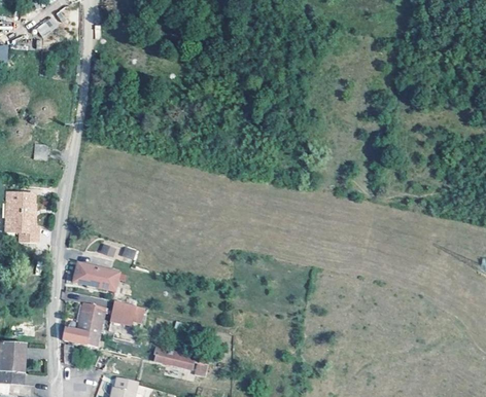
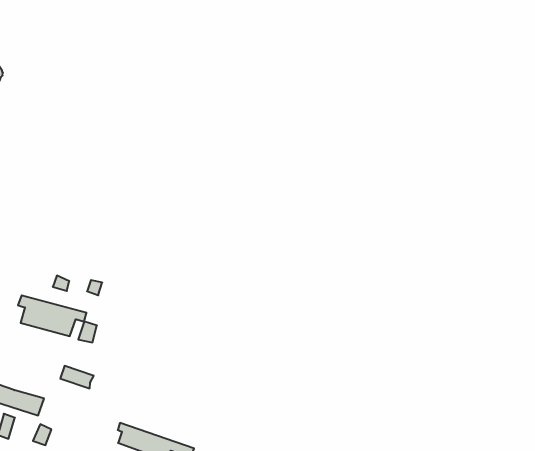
building: [113,300,146,323] -> none
building: [79,302,106,335] -> none

